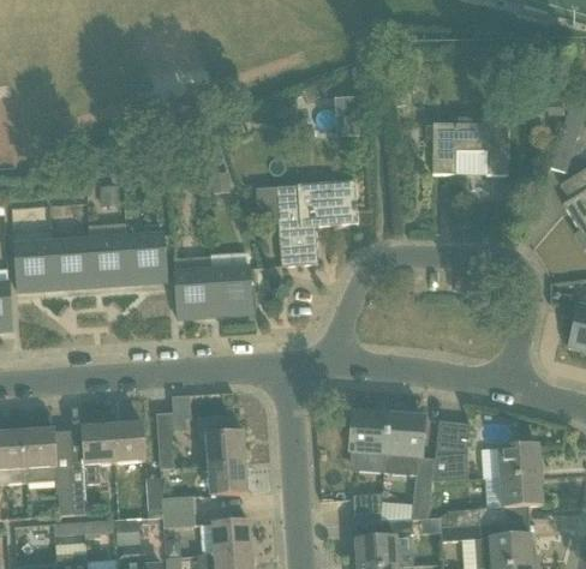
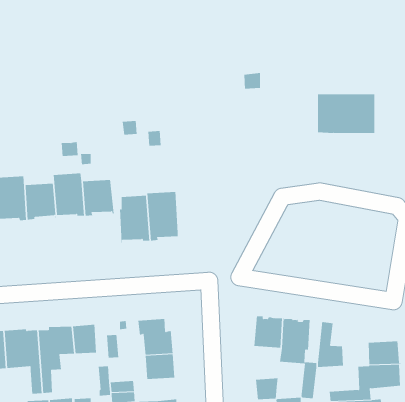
building: [276,180,358,266] -> none

